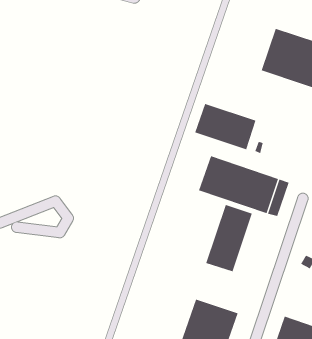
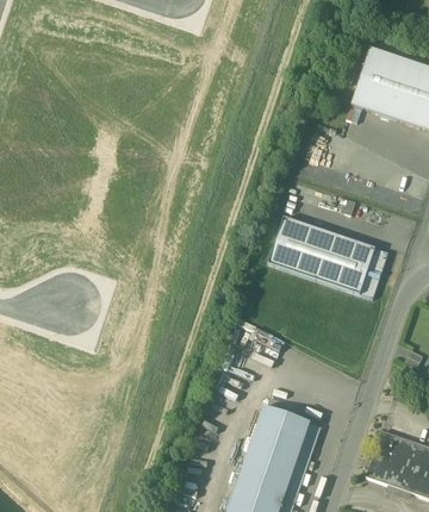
building: [195,103,256,150] -> none
building: [205,204,252,272] -> none

